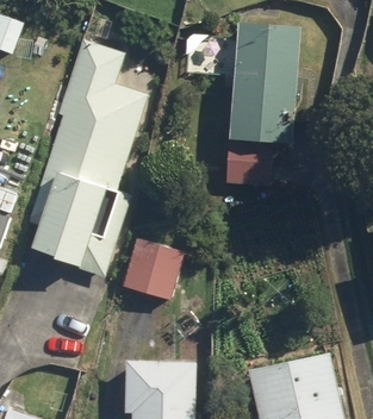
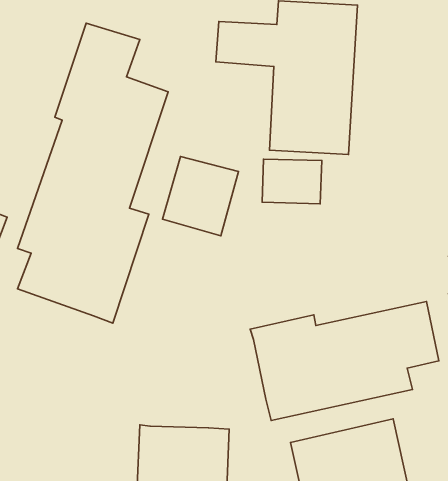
building: [125,236,186,299] -> [163,157,239,236]
building: none -> [250,301,439,420]

